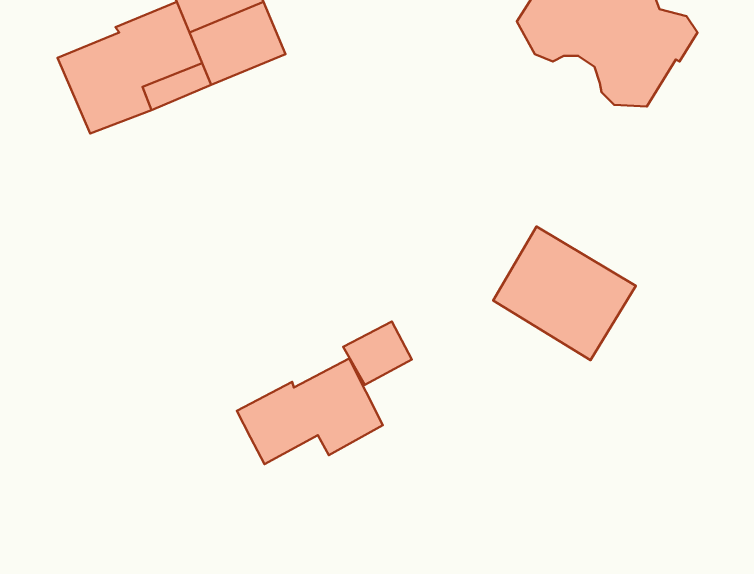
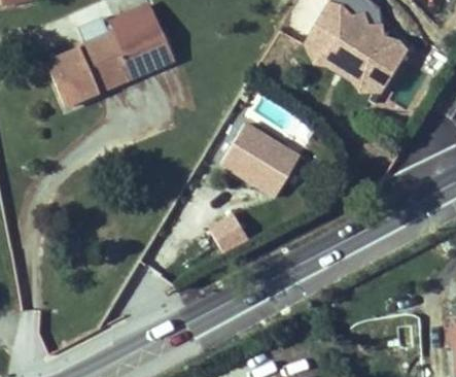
building: [493,226,636,360] -> [221,123,303,199]
building: [237,358,383,464] -> none

